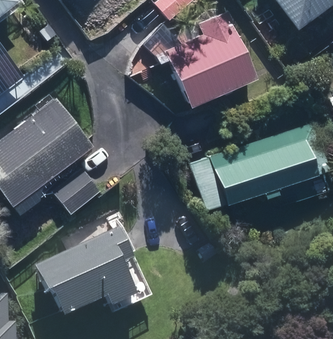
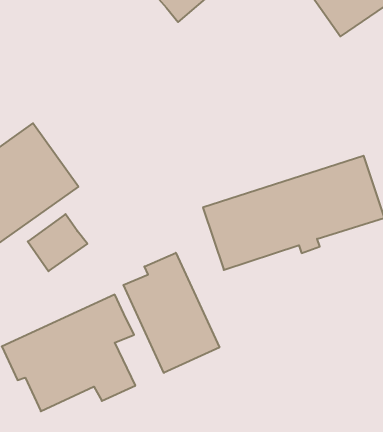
building: [165,11,256,106] -> none
building: none -> [123,253,219,373]

